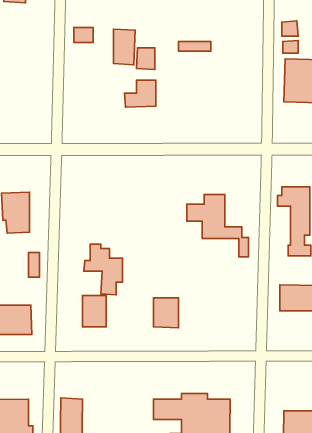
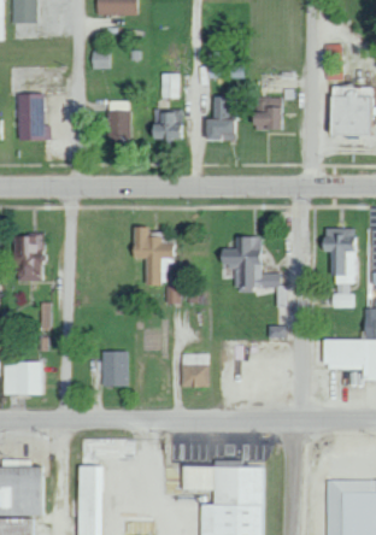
building: [113,29,135,65] -> [107,100,131,140]
building: none -> [17,93,51,140]
building: none -> [202,96,236,140]
building: none -> [249,96,280,129]
building: [84,244,122,295] -> [129,228,172,284]

